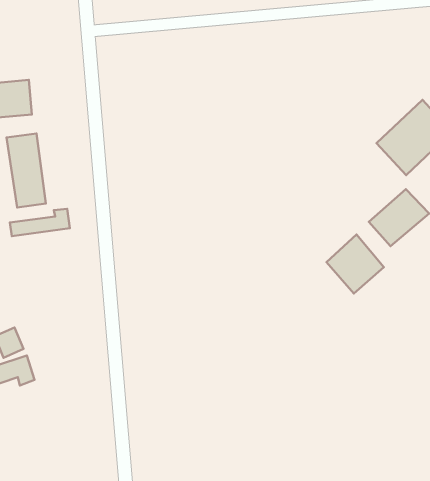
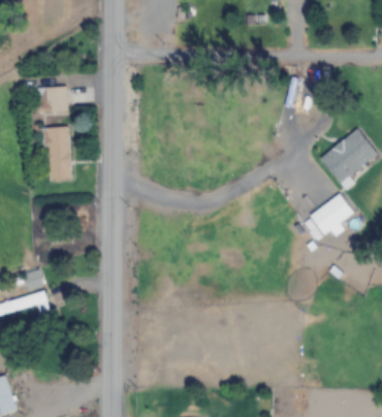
building: [10,209,70,236] -> none
building: [327,234,384,293] -> none

